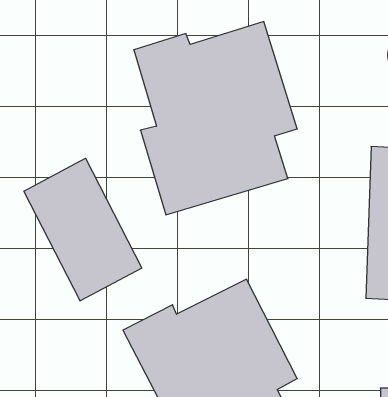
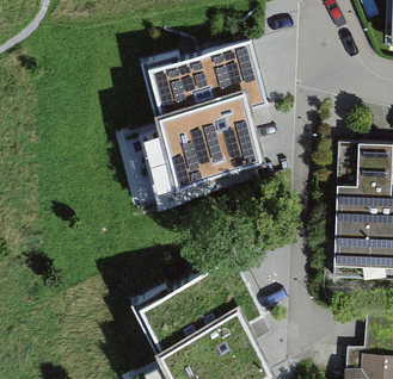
building: [24,158,142,301] -> none

